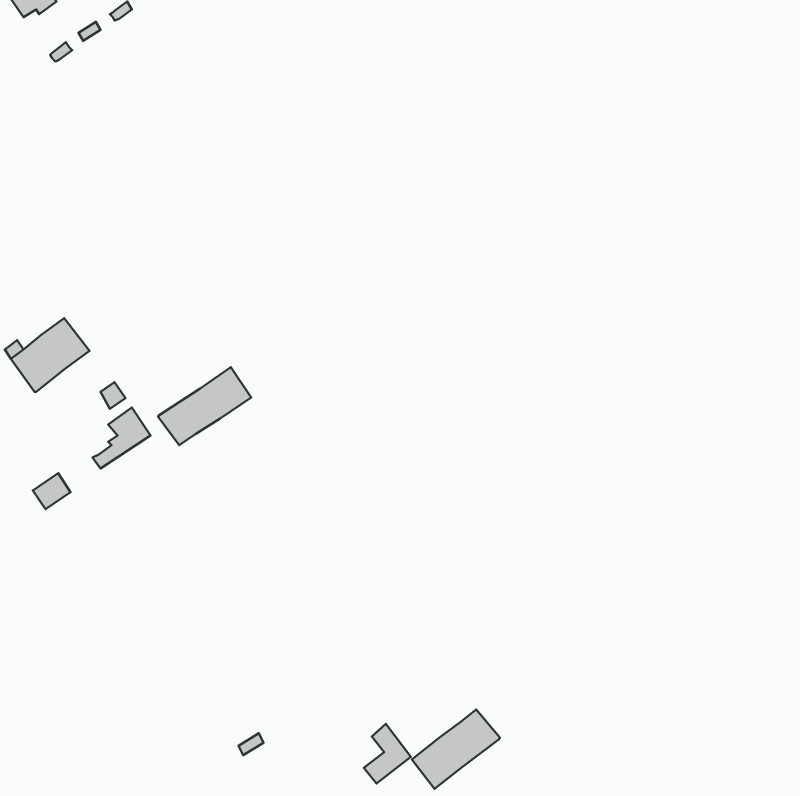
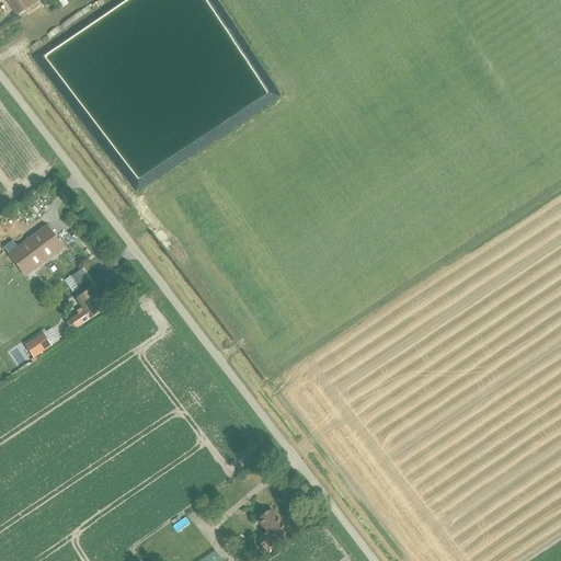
building: [158,367,251,445] -> none
building: [412,710,500,789] -> none

